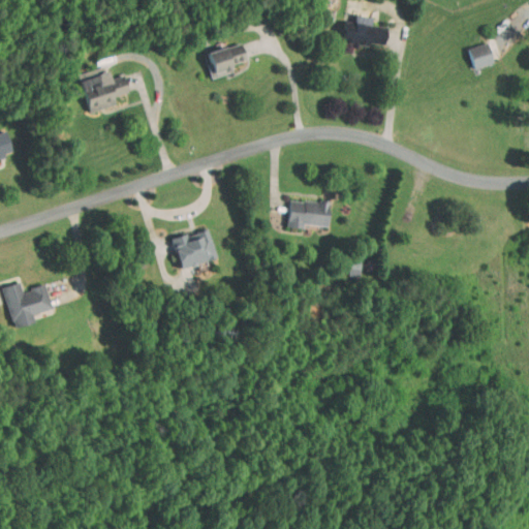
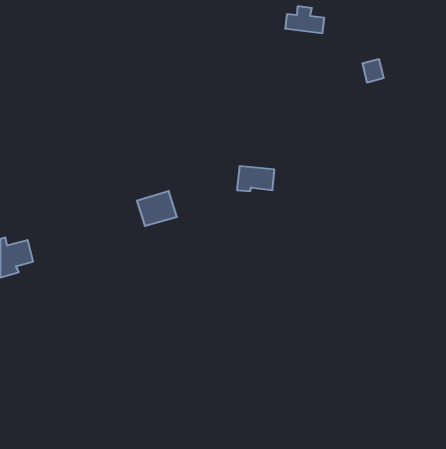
building: [206,43,246,77] -> none
building: [469,43,494,70] -> [362,59,384,82]
building: [79,67,129,114] -> none

